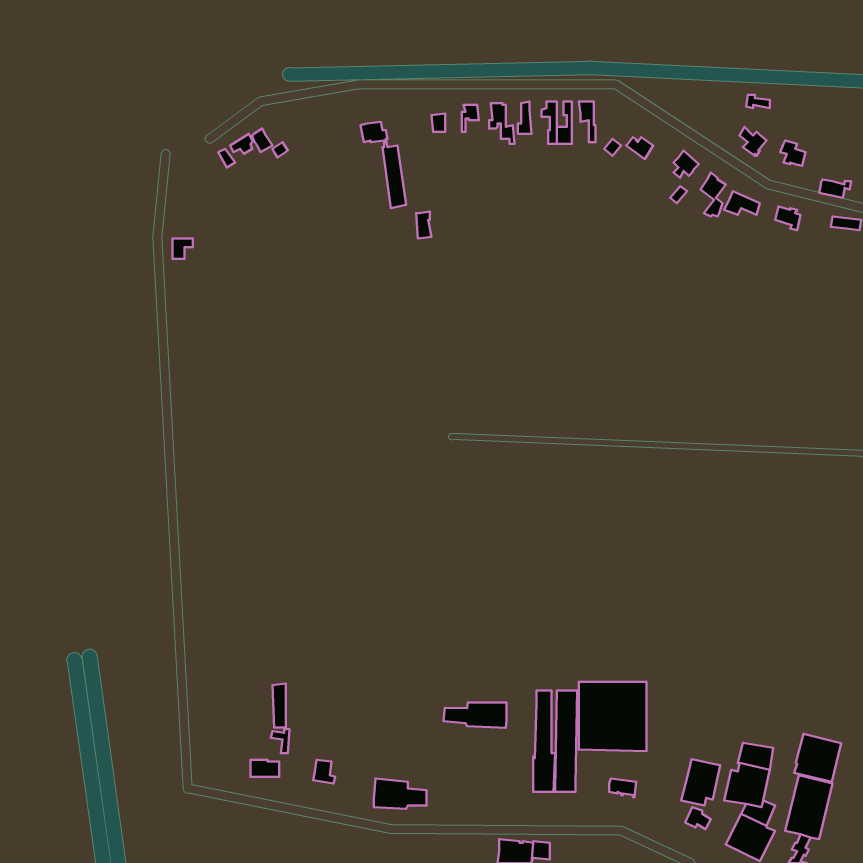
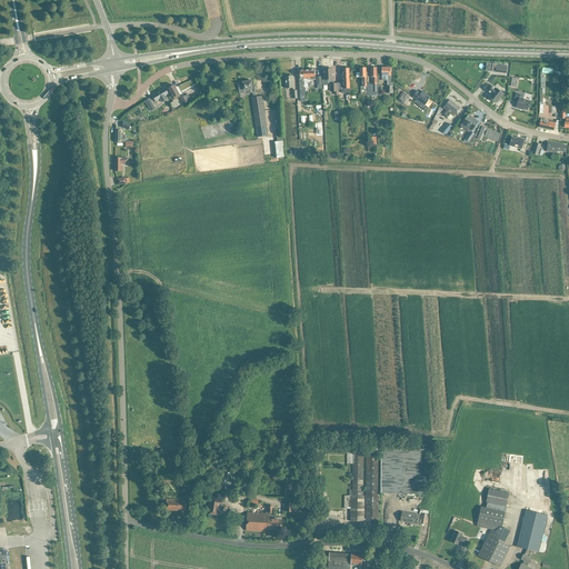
building: [443,702,507,728] -> none
building: [794,734,841,782] -> none
building: [681,759,720,806] -> none

